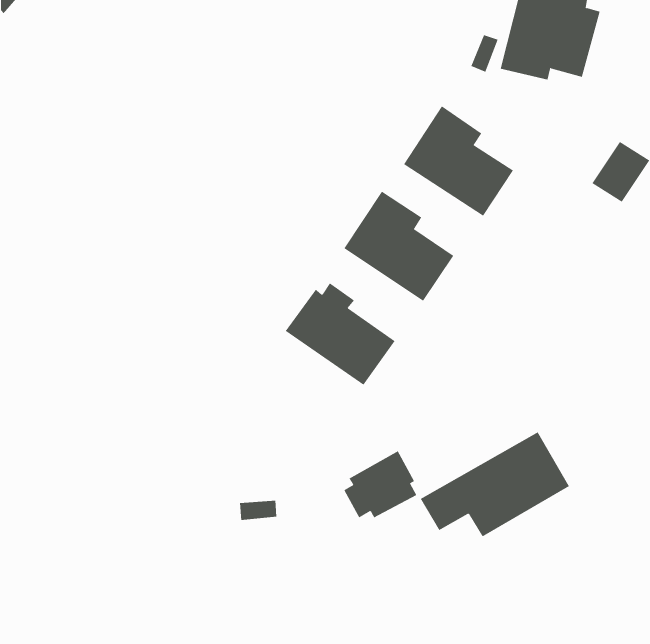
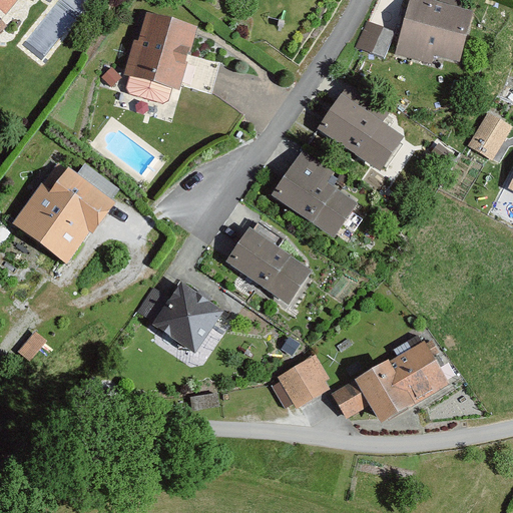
building: none -> [123,12,197,104]
building: none -> [12,162,119,263]
building: none -> [135,281,223,352]

